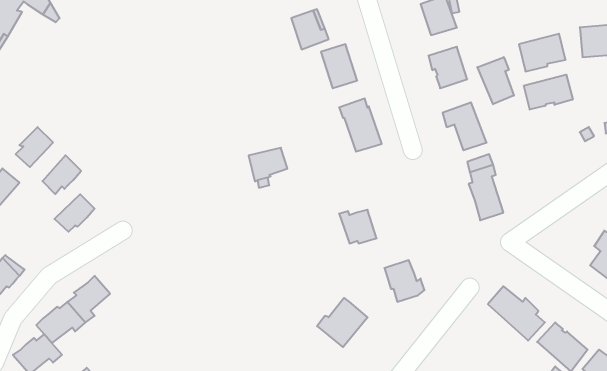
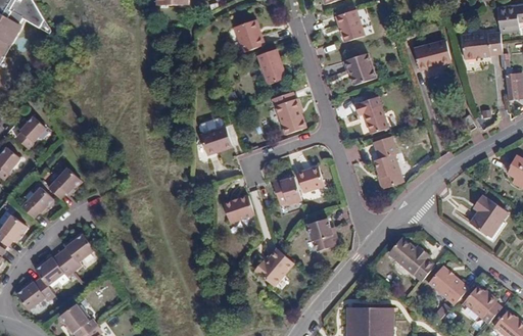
building: [477,57,514,104] -> none
building: [524,75,573,110] -> none
building: [42,155,81,194] -> [21,186,52,217]
building: none -> [296,165,324,192]
building: none -> [222,196,252,224]

